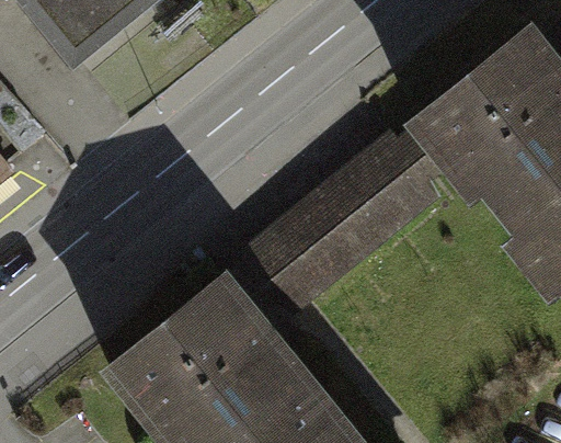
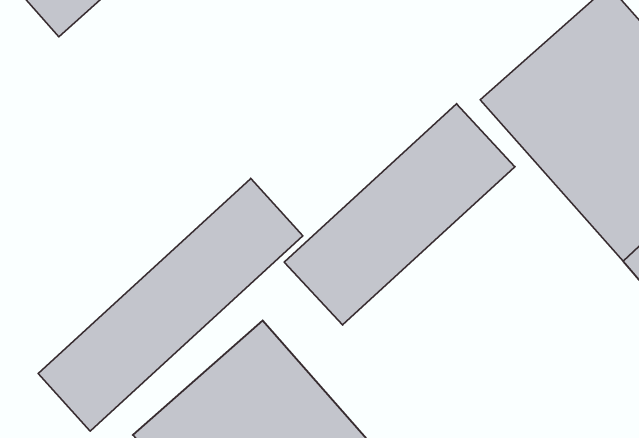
building: none -> [38,178,303,431]

